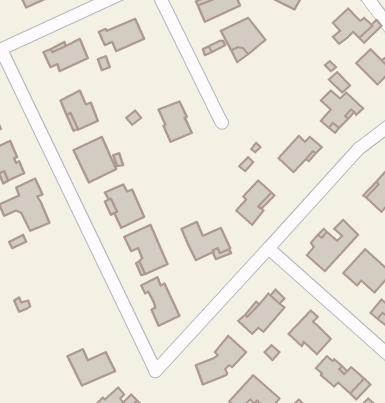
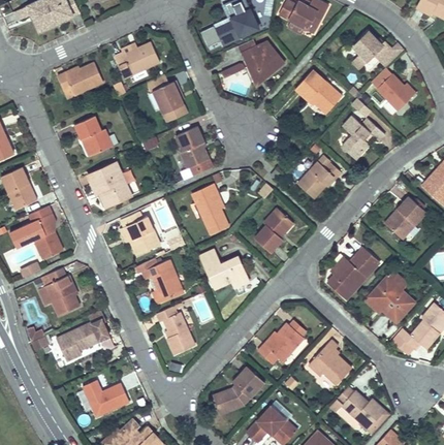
building: none -> [294,70,342,115]
building: none -> [152,81,187,123]
building: none -> [191,184,230,235]
building: none -> [44,267,80,317]
building: none -> [55,320,107,358]

